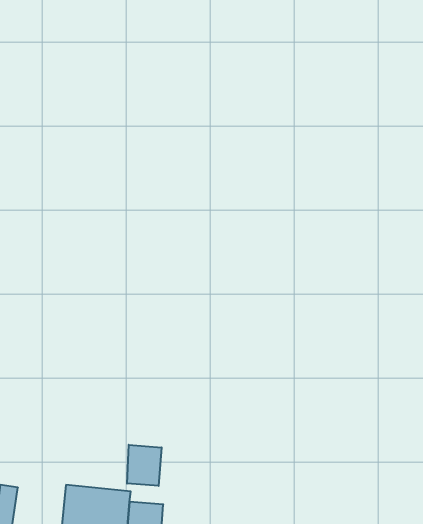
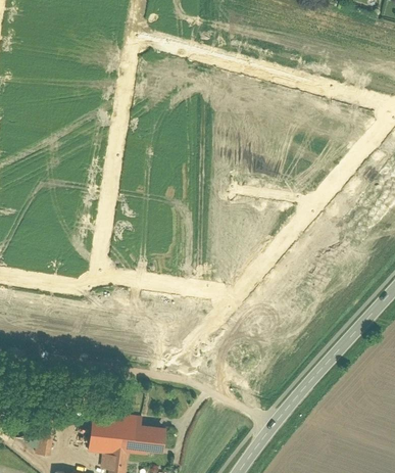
building: [127,445,162,486] -> none

